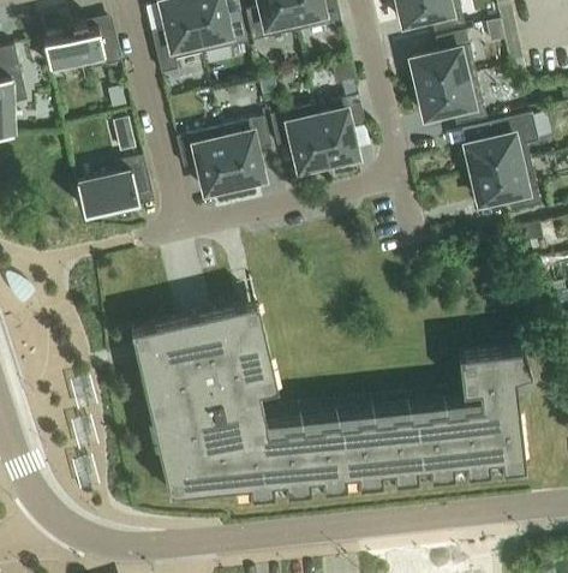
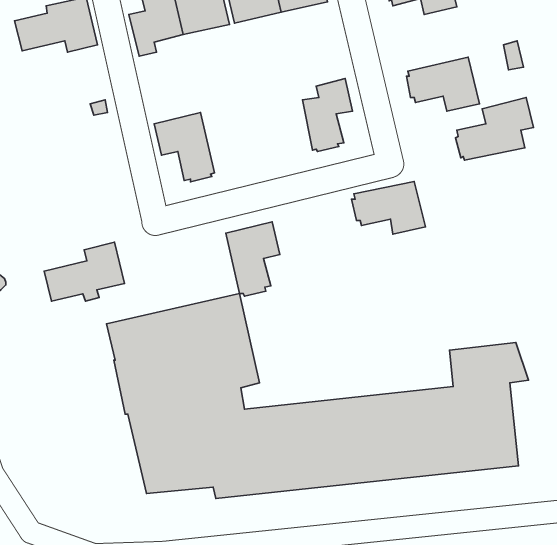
building: [409,31,476,88] -> none
building: [270,106,327,172] -> none
building: [220,117,271,187] -> [226,222,280,296]
building: [76,155,153,211] -> [44,242,124,301]
building: [470,161,540,211] -> [351,181,426,234]

